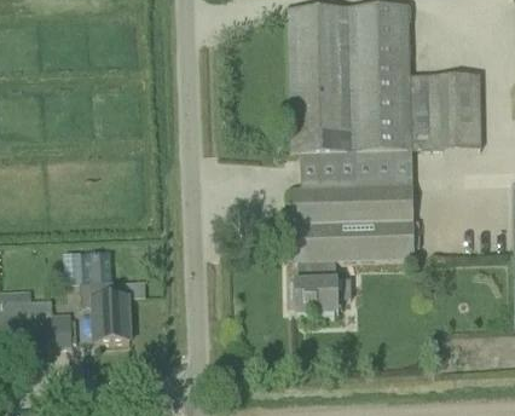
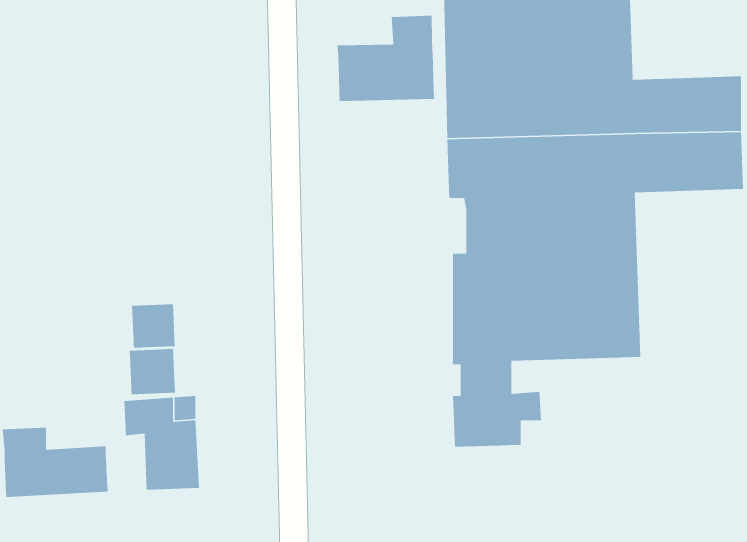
building: none -> [337,15,435,102]
building: none -> [131,303,176,348]

